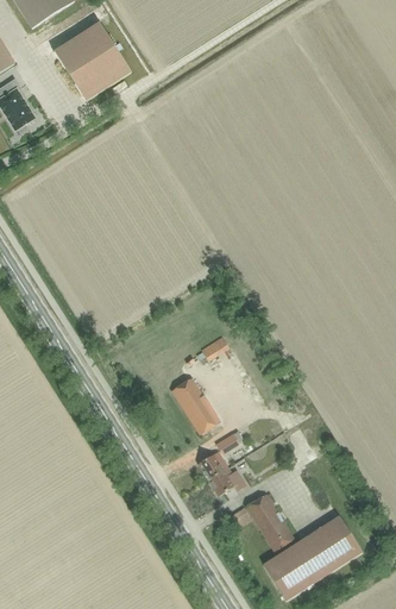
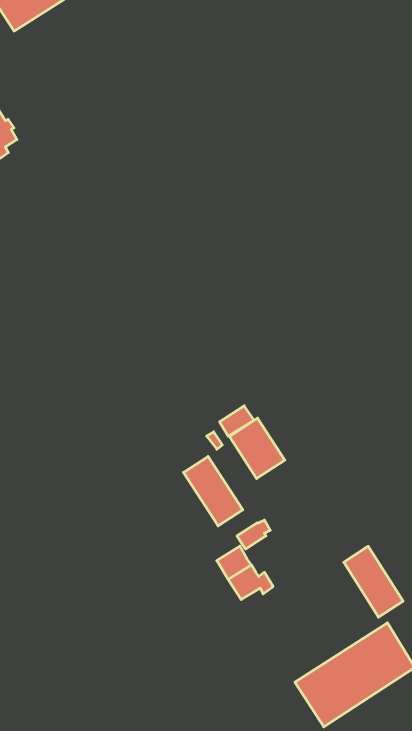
building: [54,21,131,100] -> none
building: none -> [229,418,285,479]
building: [245,492,294,551] -> [344,546,403,617]

